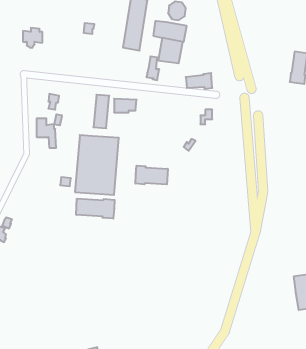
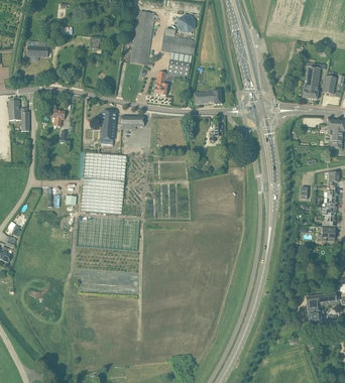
building: [37,118,56,148] -> [9,101,29,131]
building: [135,166,168,184] -> none
building: [76,199,115,219] -> none

